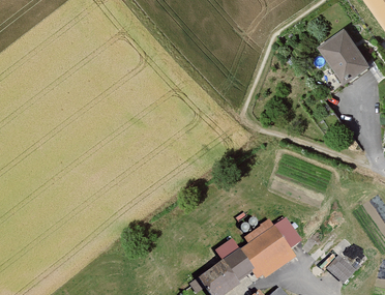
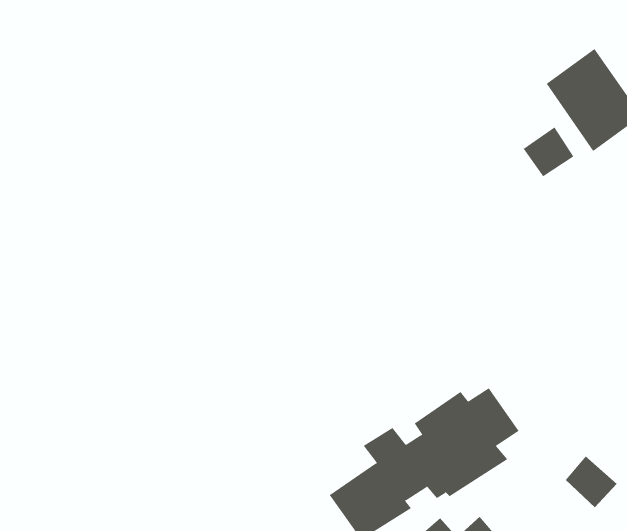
building: none -> [523,127,574,177]

